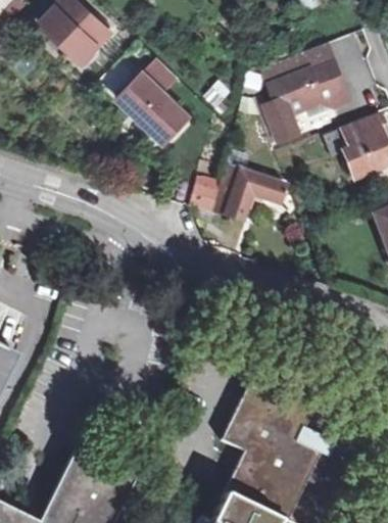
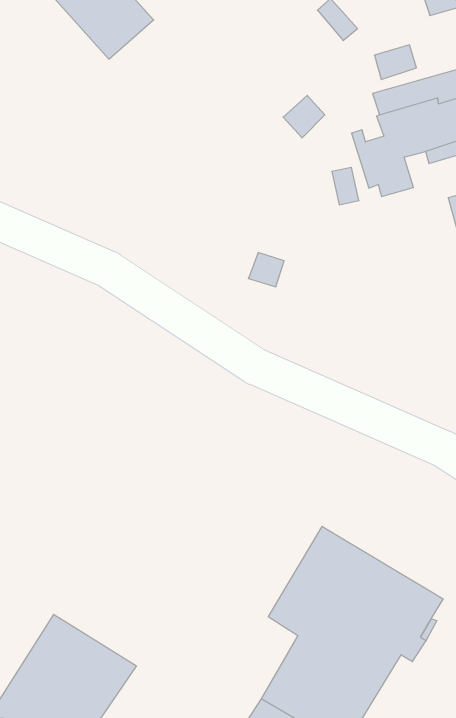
building: [119,72,190,142] -> none
building: [216,167,286,220] -> none

